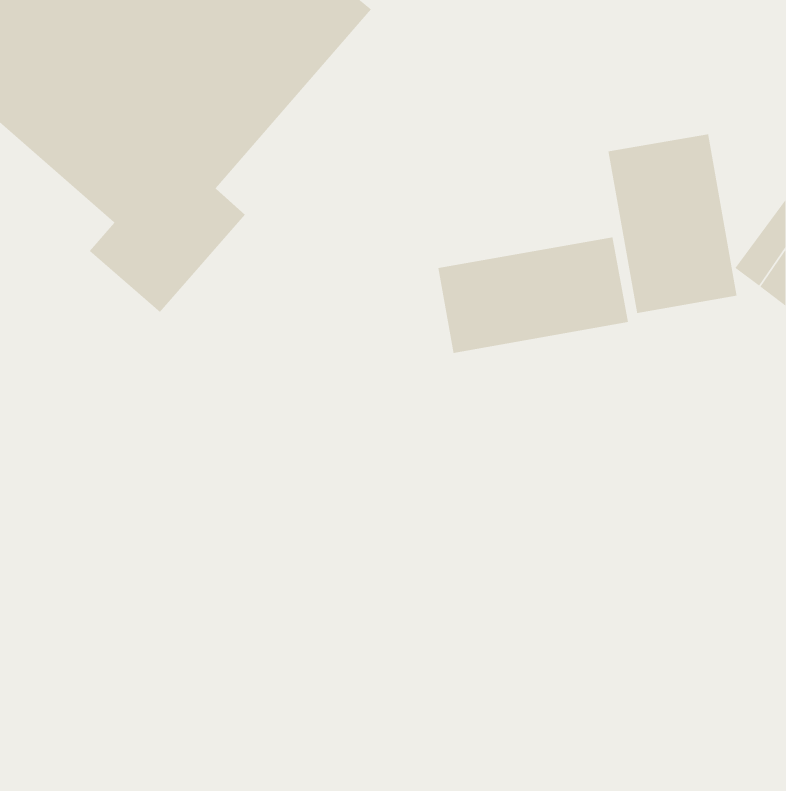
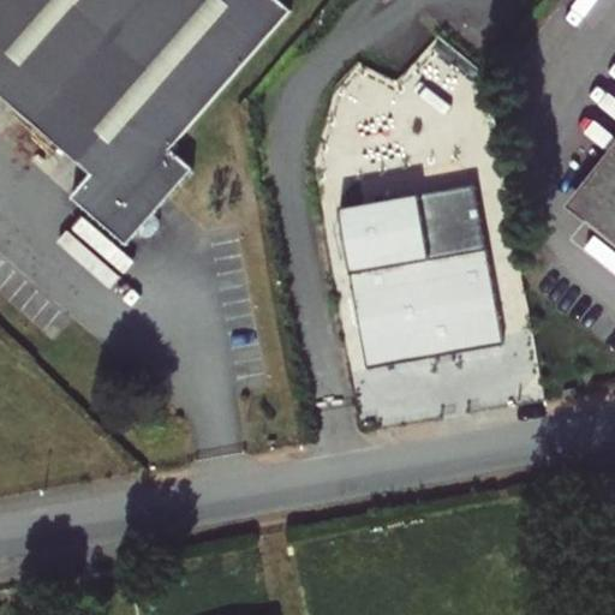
building: [608,133,737,314] -> none
building: none -> [350,249,503,369]

